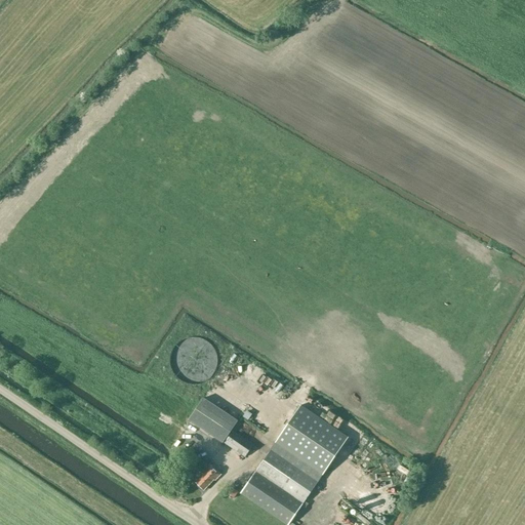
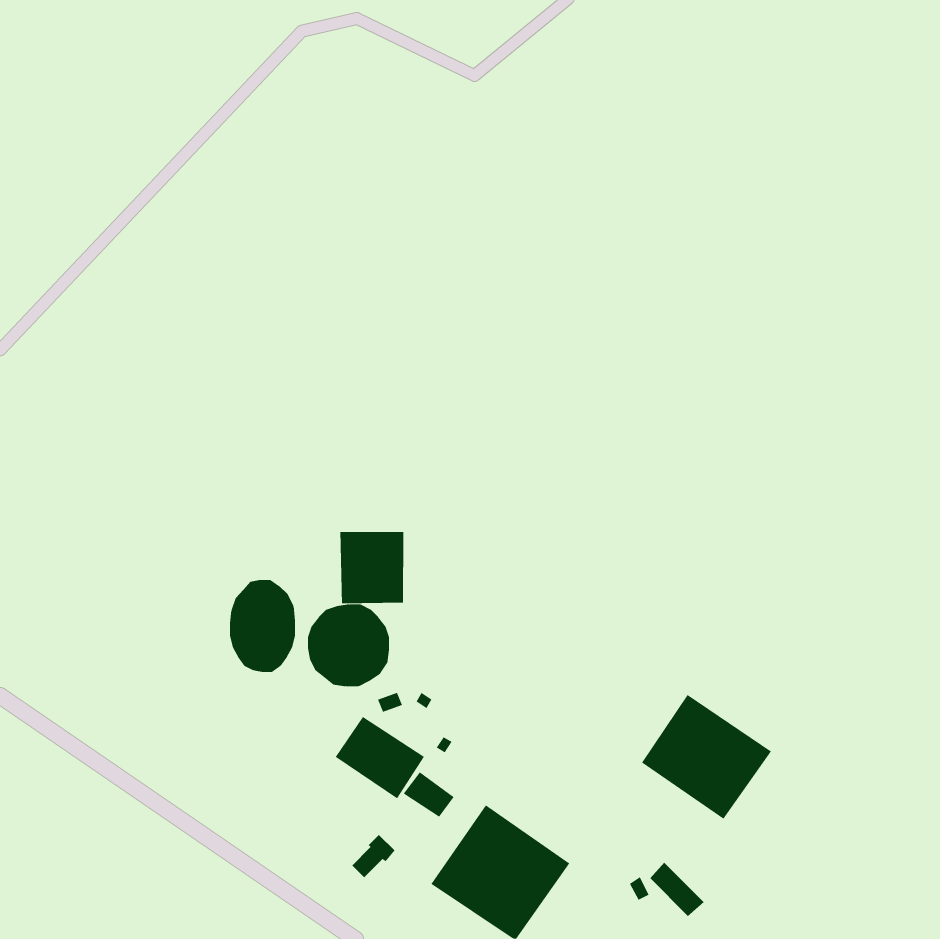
building: none -> [340,531,404,604]
building: none -> [229,579,296,673]
building: [275,405,348,475] -> [641,694,772,819]

